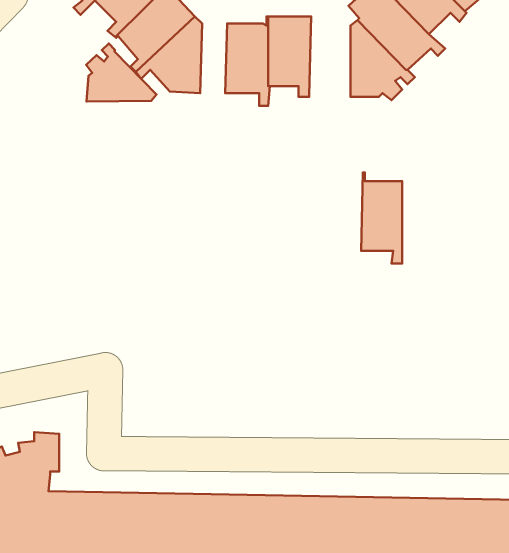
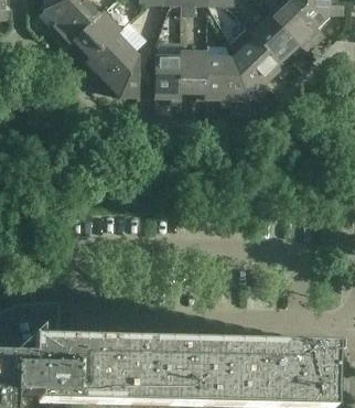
building: [86,44,156,102] -> none
building: [361,172,402,263] -> [205,46,230,103]

